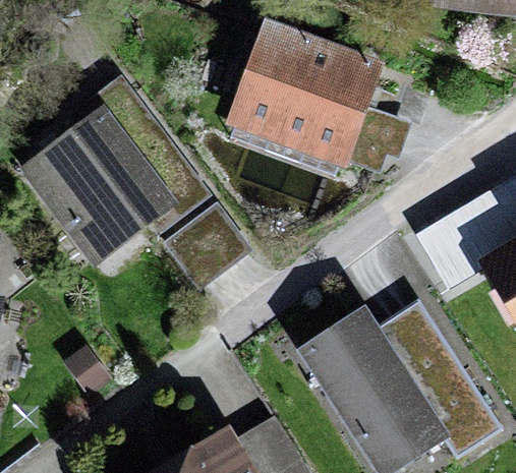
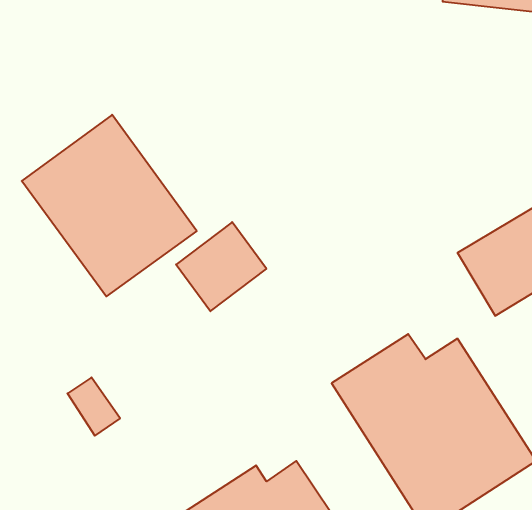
building: [230,22,385,169] -> none

